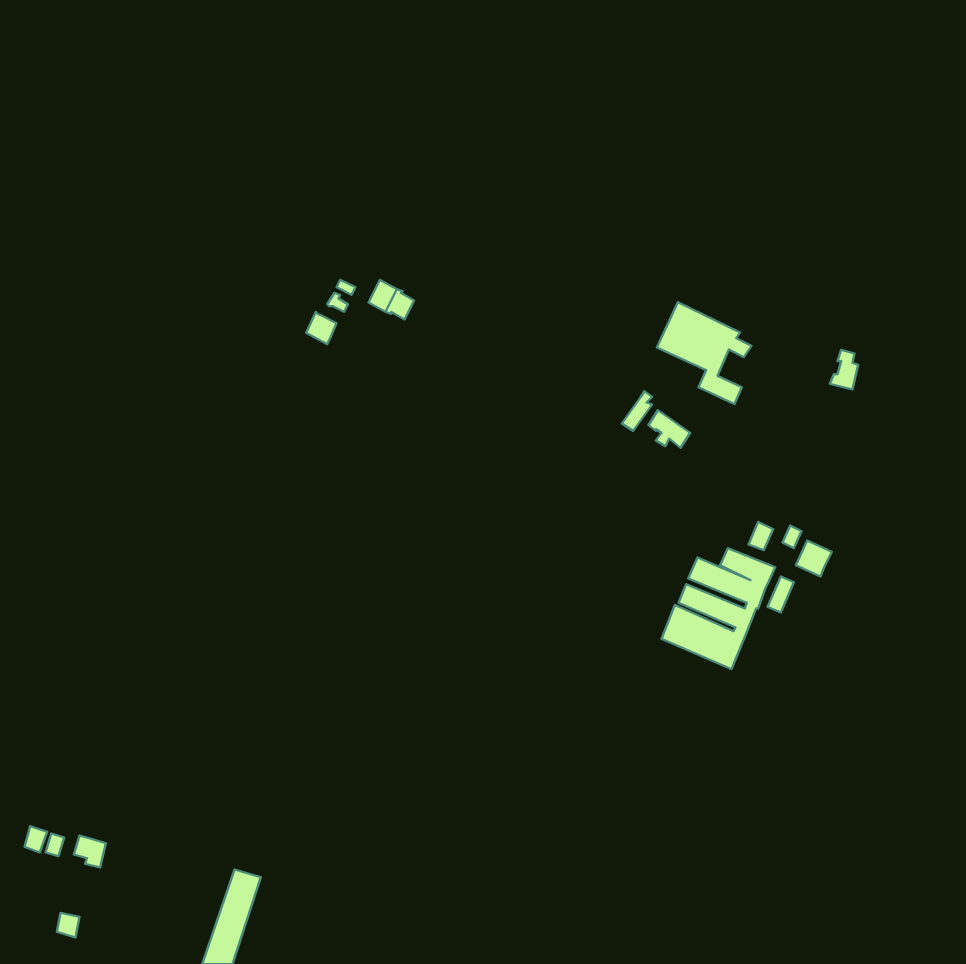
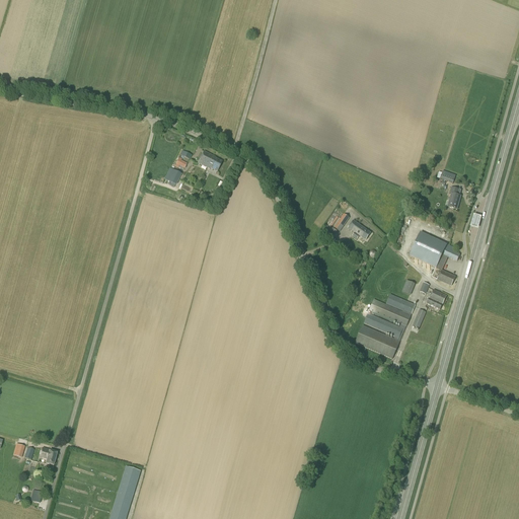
building: [657,302,751,404] -> [410,231,460,286]

